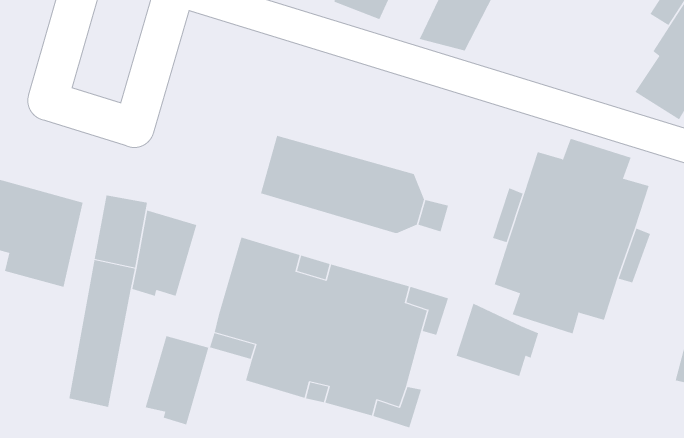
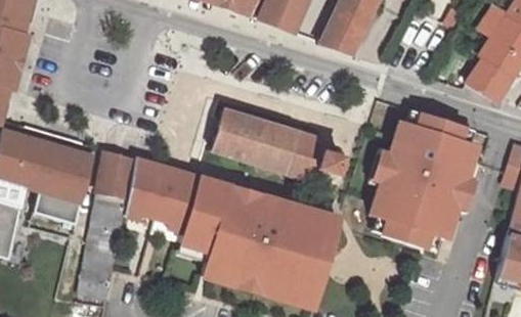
building: [456,303,539,377] -> none
building: [145,336,209,425] -> [155,171,199,232]

